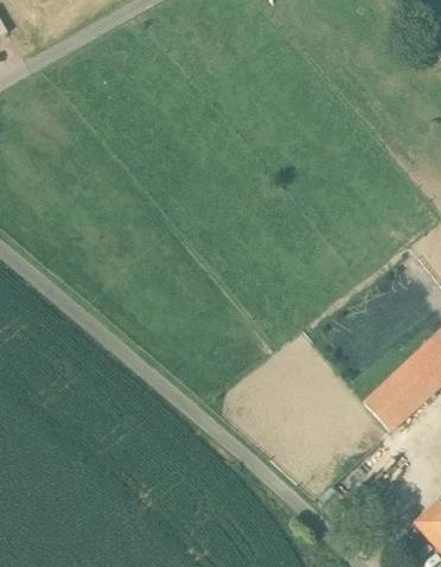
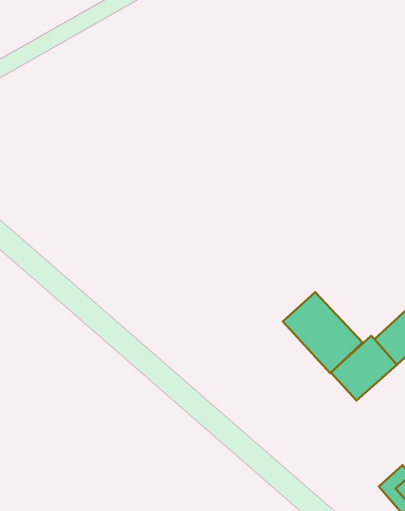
building: none -> [283,292,362,373]

